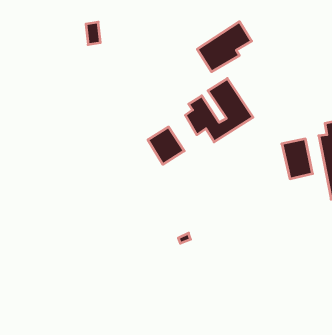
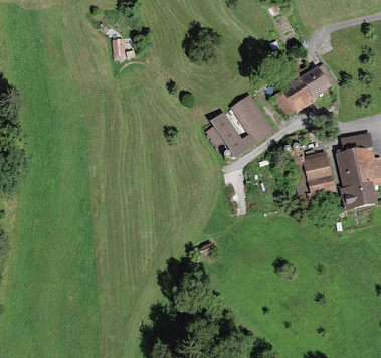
building: [197,22,252,72] -> [275,66,329,116]
building: [148,127,184,164] -> none

